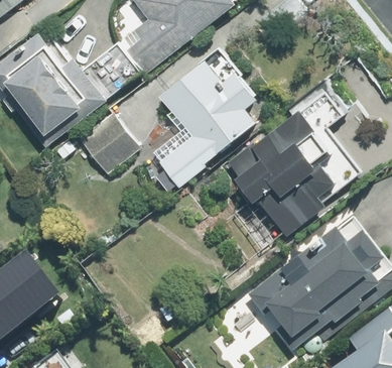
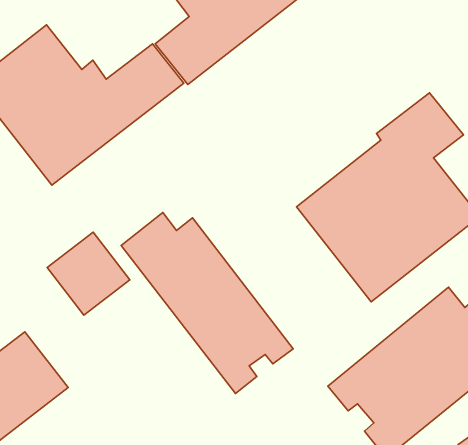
building: [157,46,259,187] -> none
building: [79,114,140,175] -> [47,232,130,315]
building: none -> [121,213,293,394]

